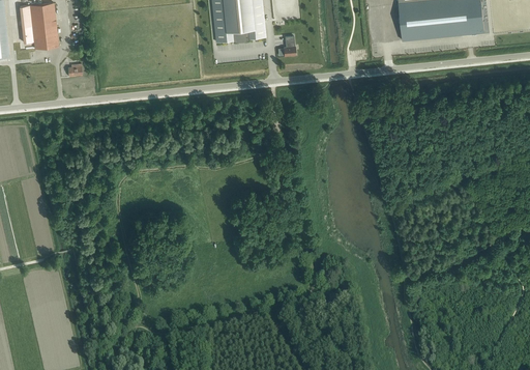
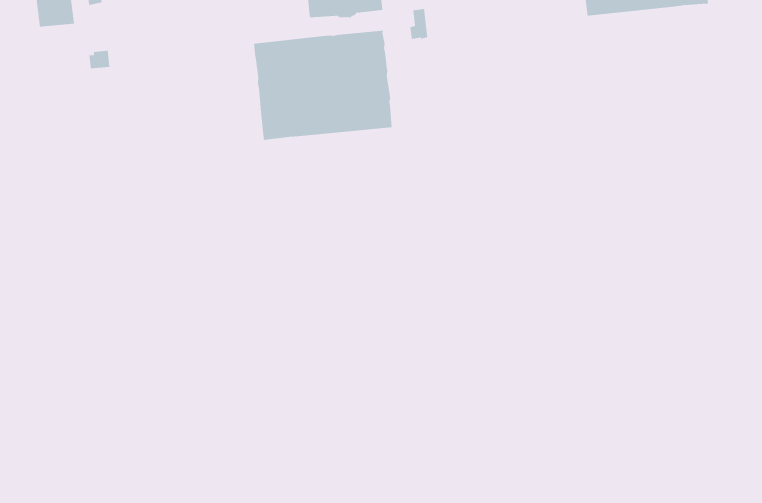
building: none -> [253,30,392,141]

